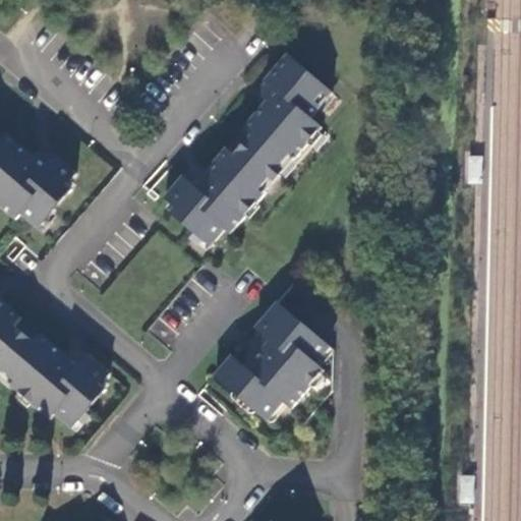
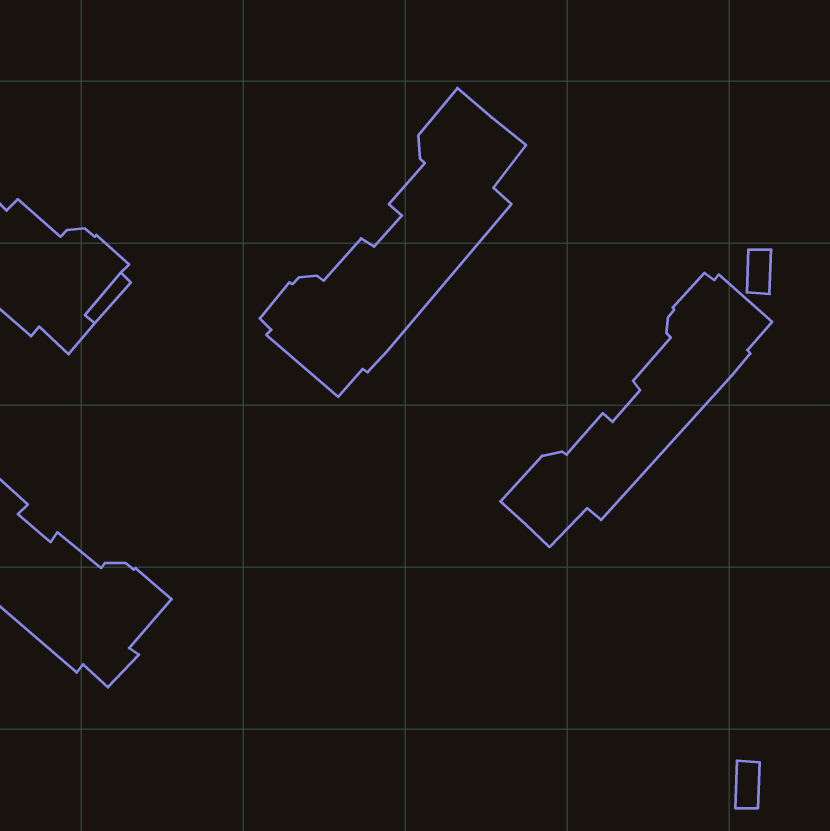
building: none -> [500,273,772,547]
building: [211,301,328,421] -> none

